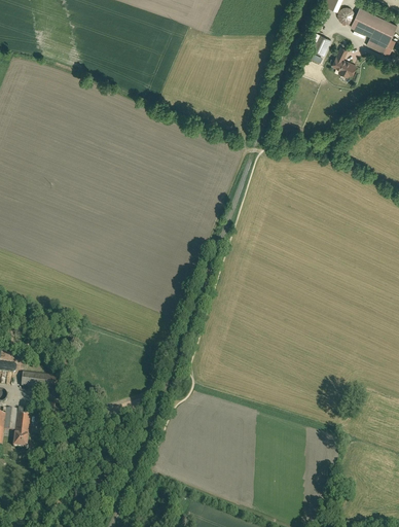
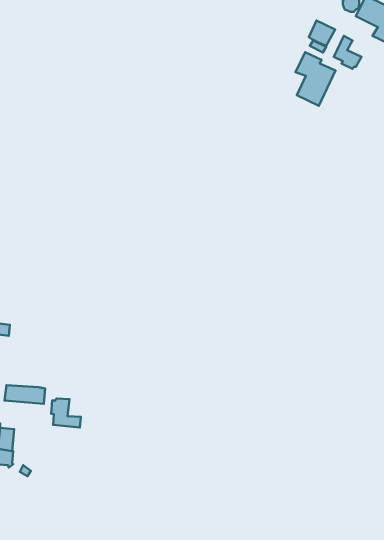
building: none -> [296,52,335,106]
building: none -> [51,399,81,428]

